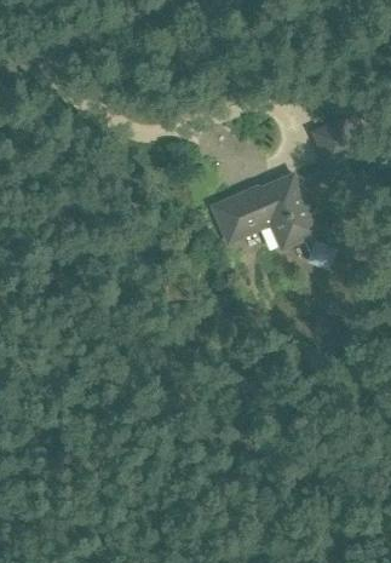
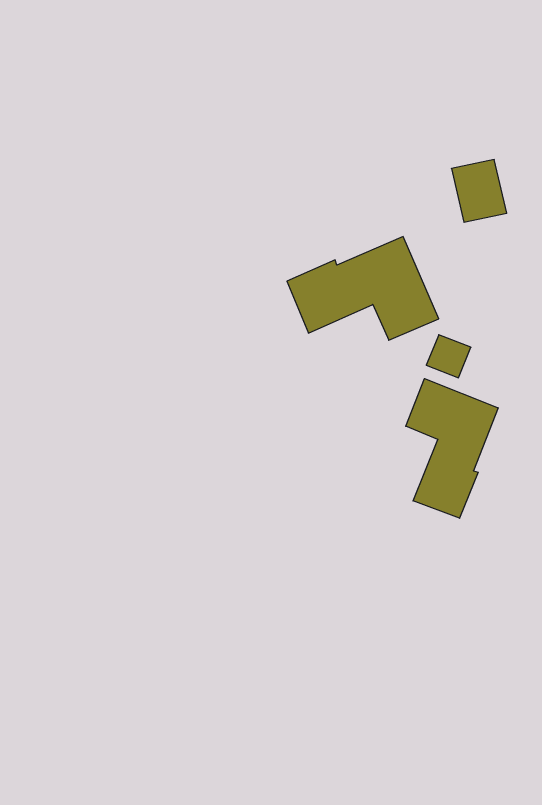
building: none -> [406,379,498,518]

